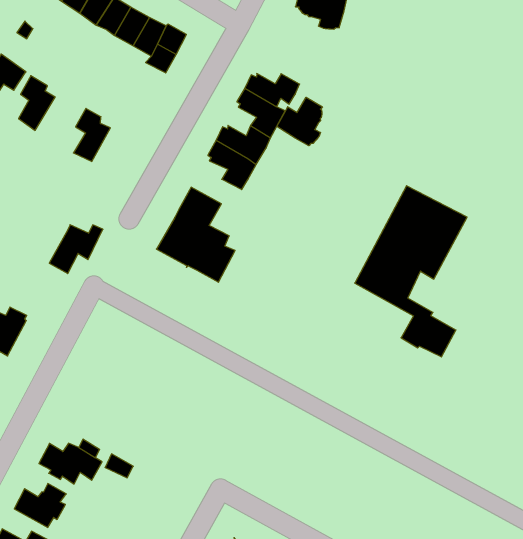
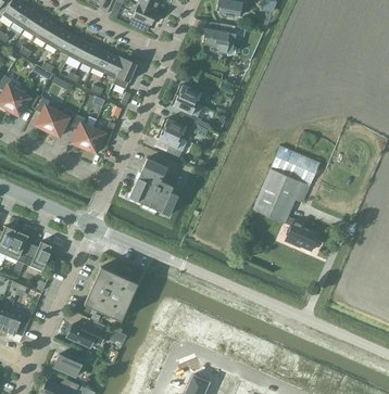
building: none -> [48,110,78,137]
building: [277,97,322,146] -> none
building: [49,225,103,274] -> [85,122,116,153]
building: none -> [84,266,137,319]

